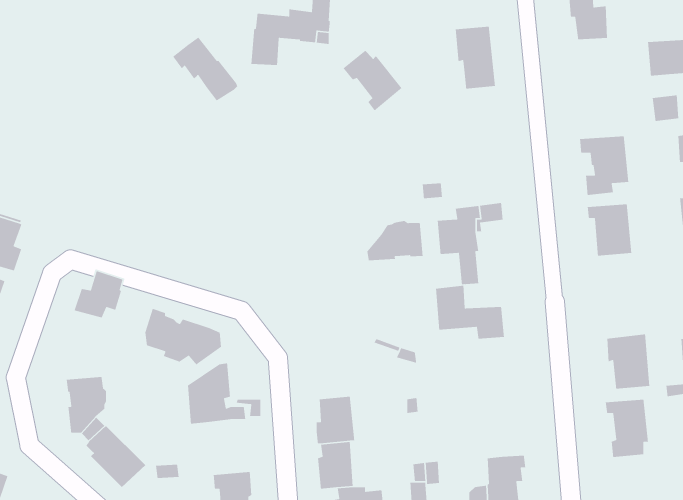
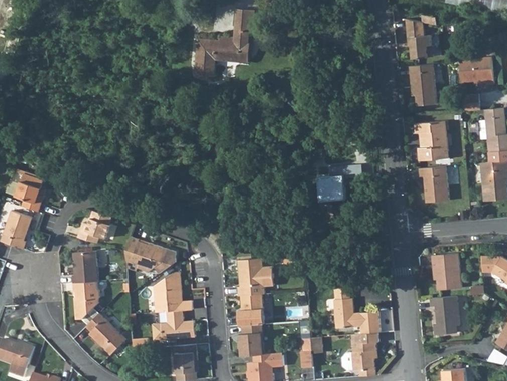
building: [455,26,496,90] -> [409,64,436,106]
building: [172,37,238,102] -> none
building: [342,50,402,112] -> none
building: [367,220,423,261] -> none
building: [435,285,505,339] -> [333,298,379,334]
building: none -> [71,251,98,283]
building: none -> [237,258,273,296]
building: none -> [152,310,194,340]

